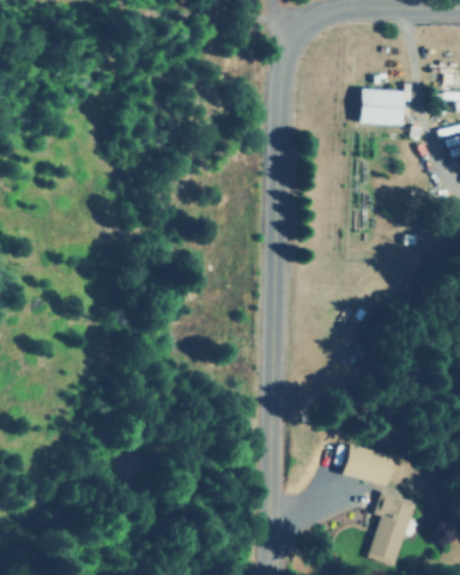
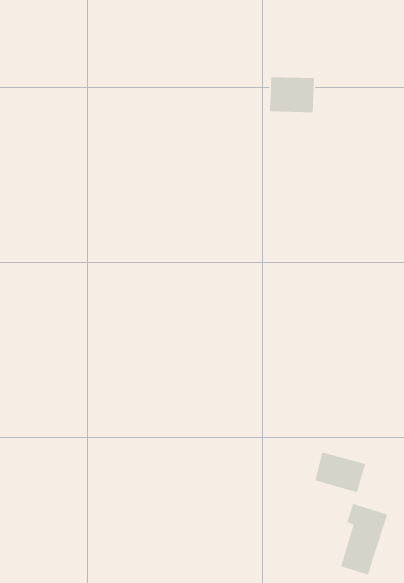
building: [359,89,404,125] -> [269,76,315,113]

